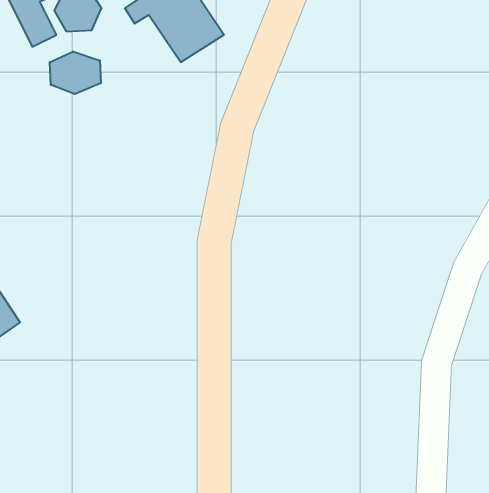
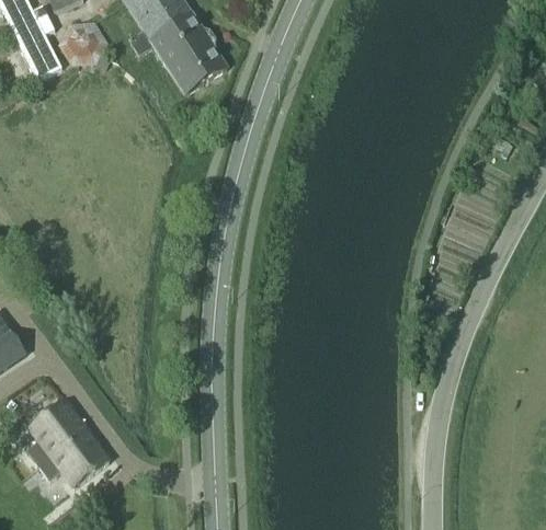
building: [50,51,101,94] -> none
building: none -> [25,401,109,487]

